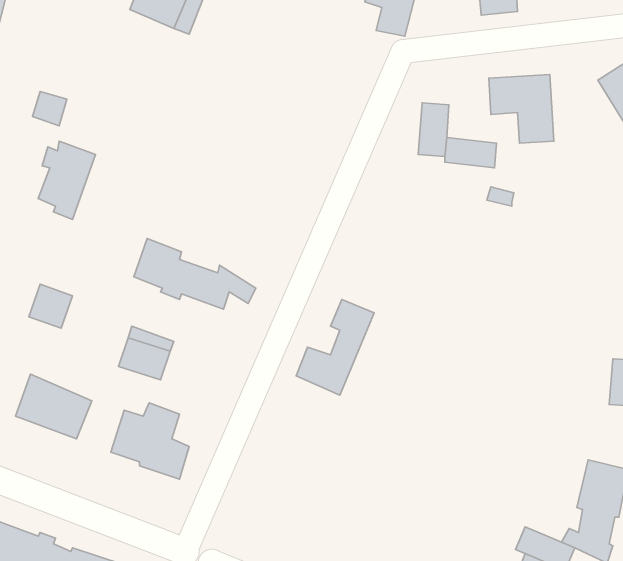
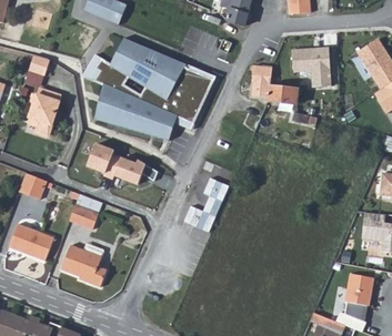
building: none -> [82,37,213,136]

